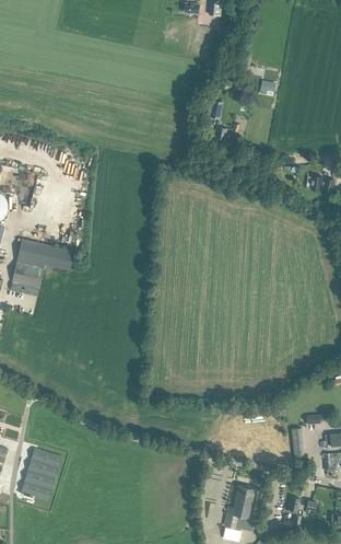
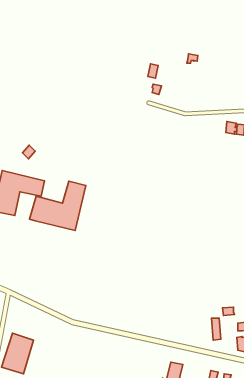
building: none -> [30,181,86,230]

